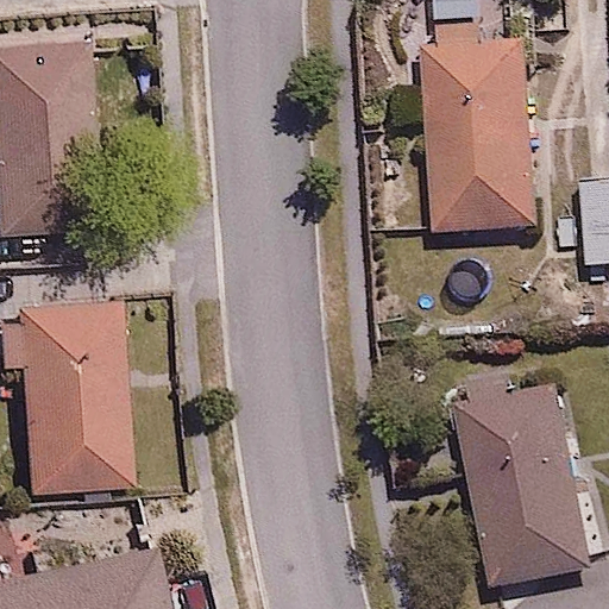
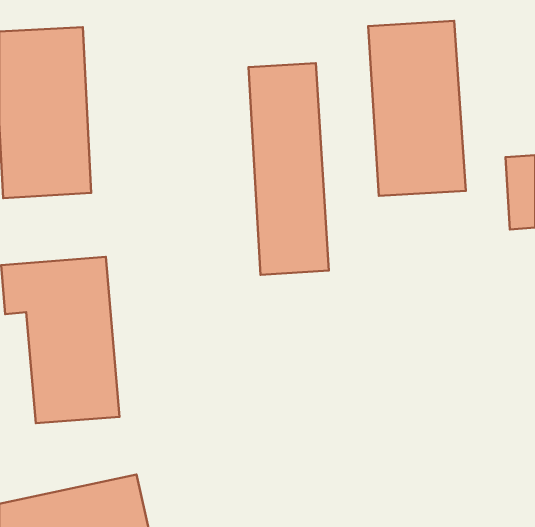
building: none -> [249,63,329,275]
building: [452,377,597,589] -> none

